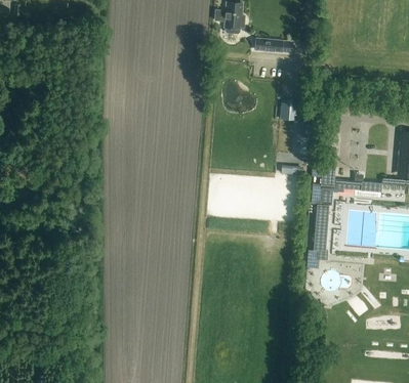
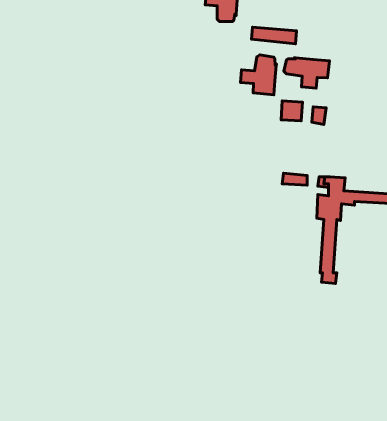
building: none -> [241,55,277,95]
building: none -> [284,58,329,88]

